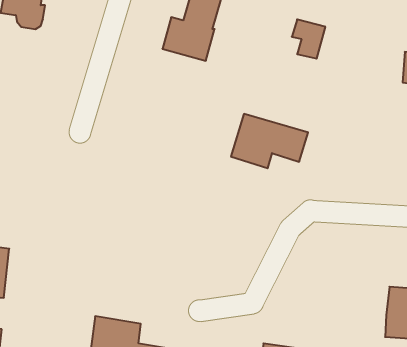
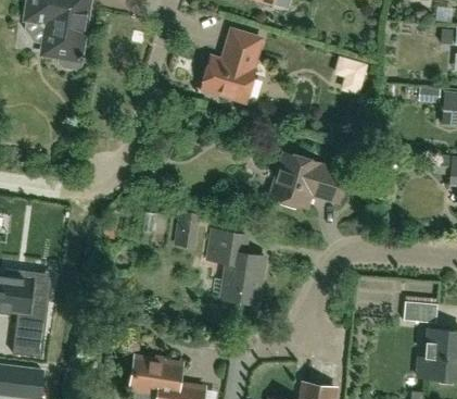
building: none -> [175,210,196,247]
building: none -> [207,230,264,303]
building: none -> [403,300,437,322]

